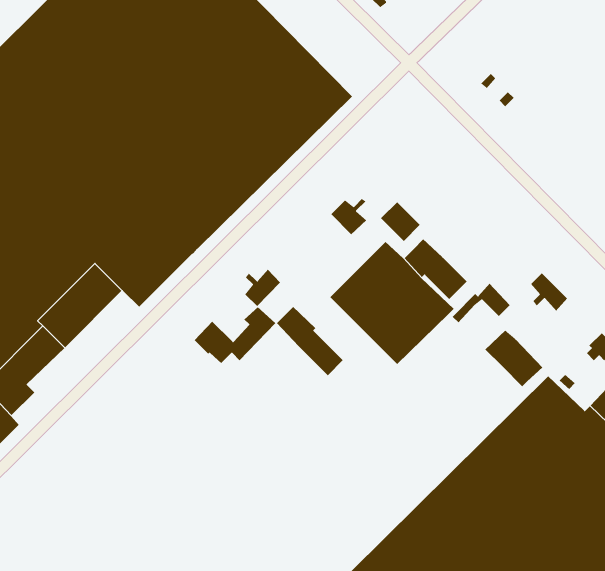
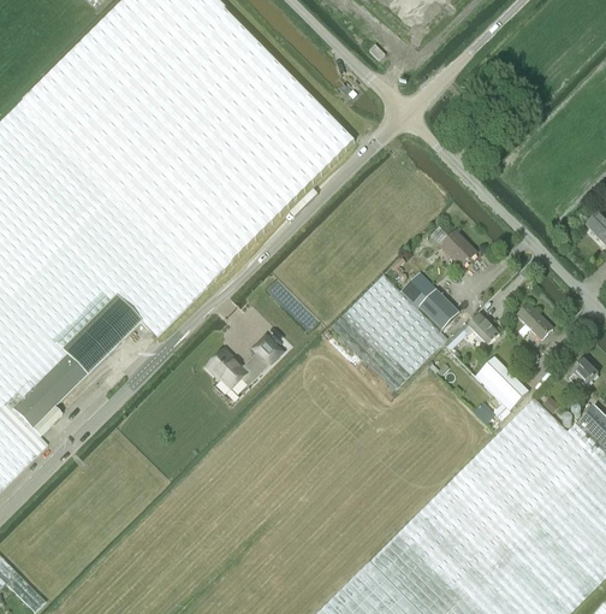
building: [330,198,367,235] -> none
building: [380,201,421,242] -> [440,230,477,267]
building: [244,269,281,307] -> none
building: [276,306,344,376] -> none

